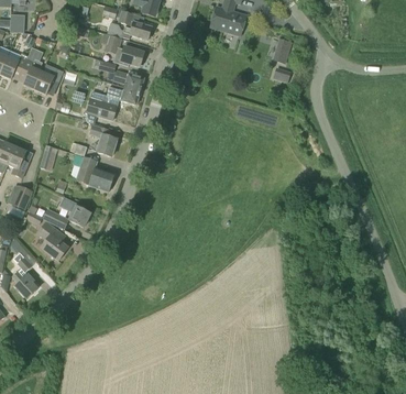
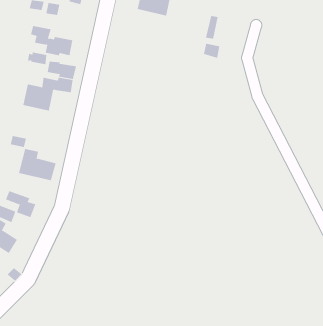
building: [107,22,151,40] -> none
building: [89,123,117,156] -> none

